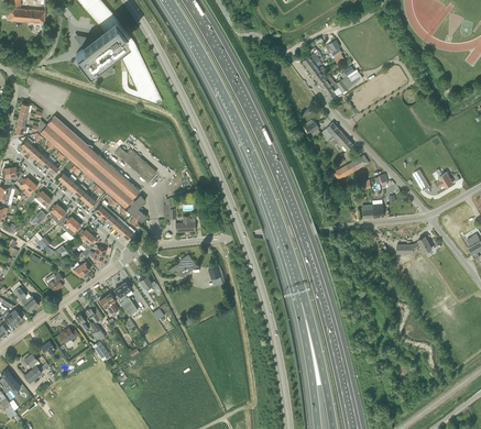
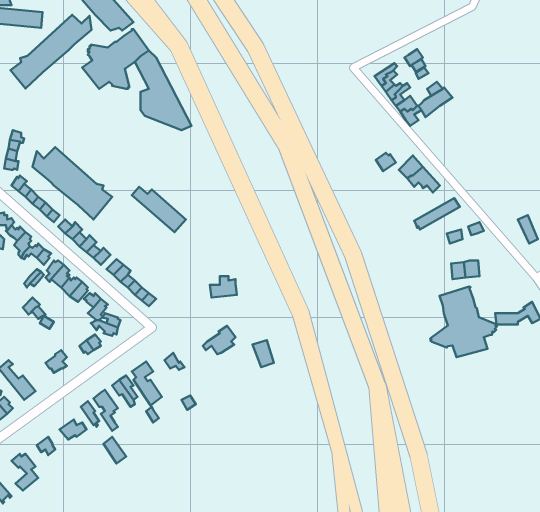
building: none -> [11,15,91,88]
building: [85,154,146,222] -> none
building: none -> [430,287,497,357]

